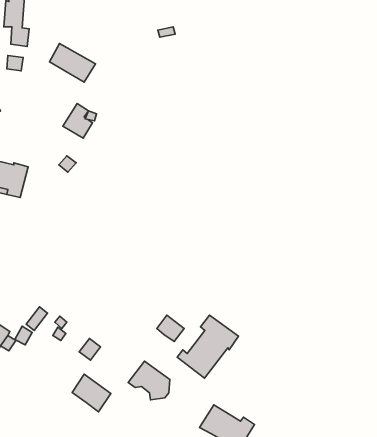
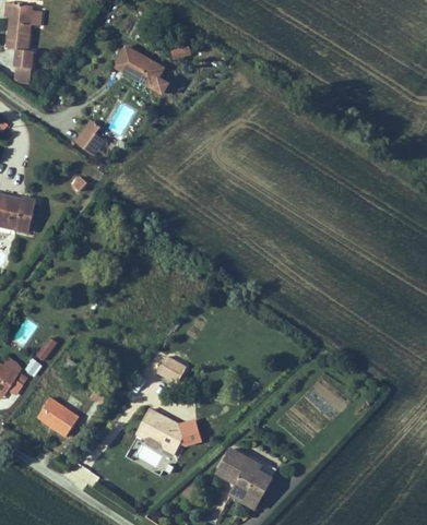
building: [49,43,95,82] -> [114,47,163,88]
building: [177,315,239,378] -> none
building: [72,374,111,412] -> [36,396,78,437]

